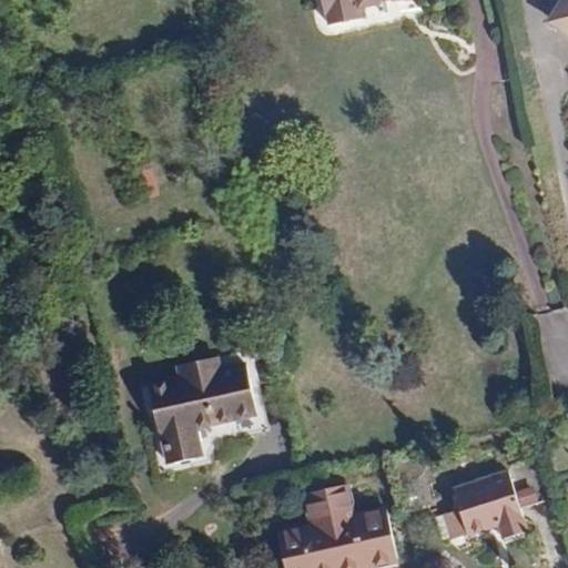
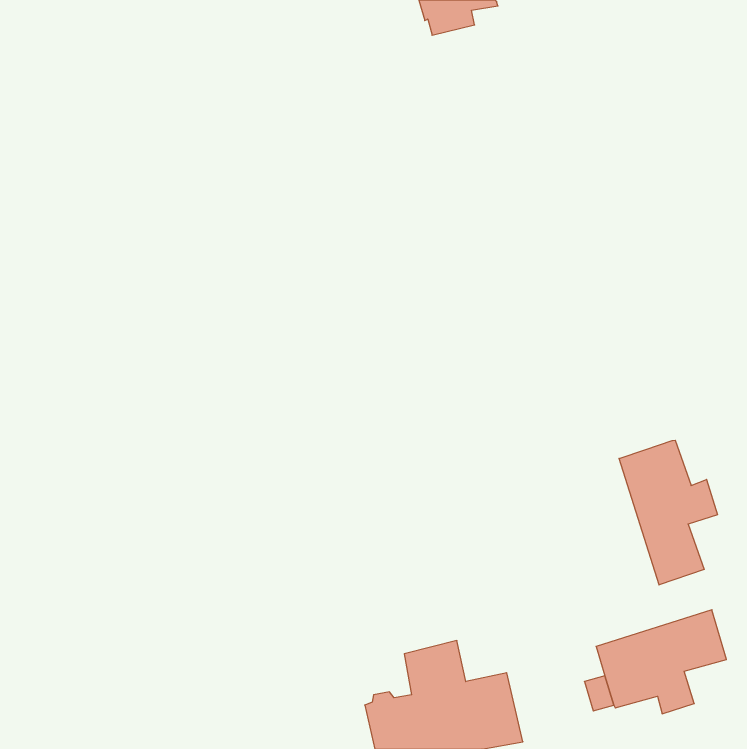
building: none -> [619,440,718,585]
building: [148,358,254,465] -> none

